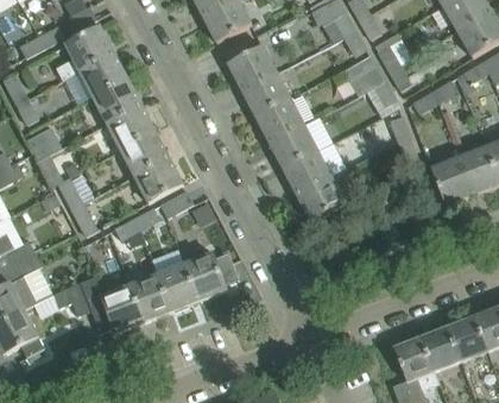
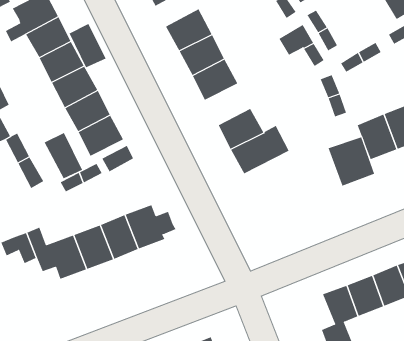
building: none -> [69,23,107,68]
building: [269,124,317,168] -> none
building: none -> [44,132,83,179]
building: none -> [328,137,375,187]

